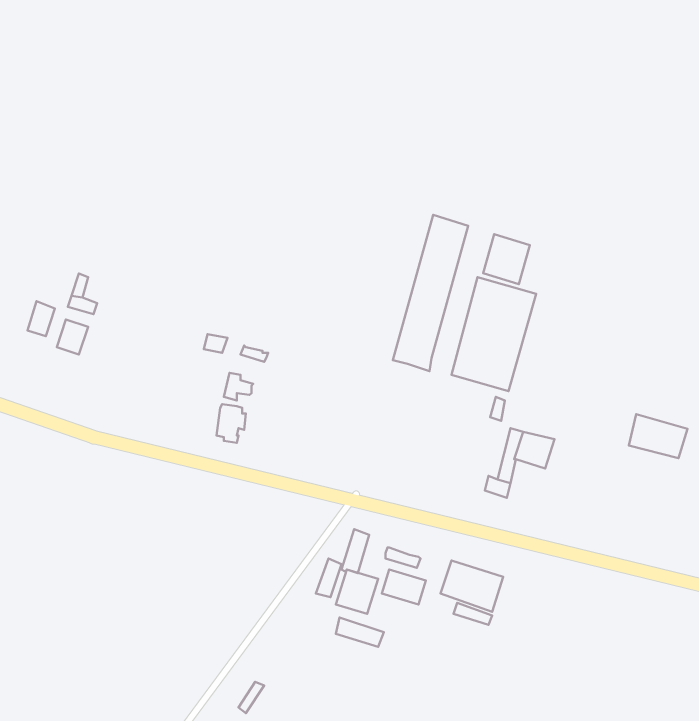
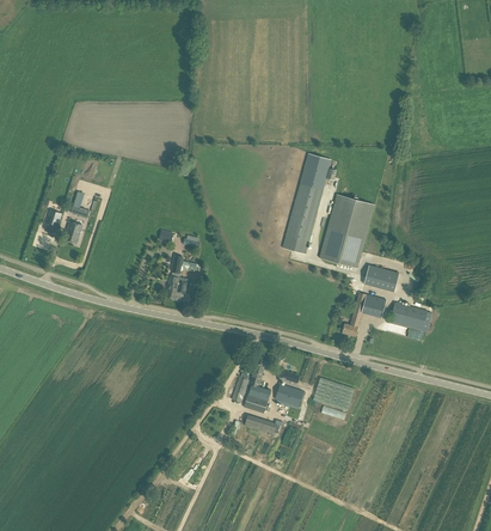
building: [483,234,530,284] -> none
building: none -> [364,264,399,292]
building: [629,414,688,458] -> [389,300,428,329]

